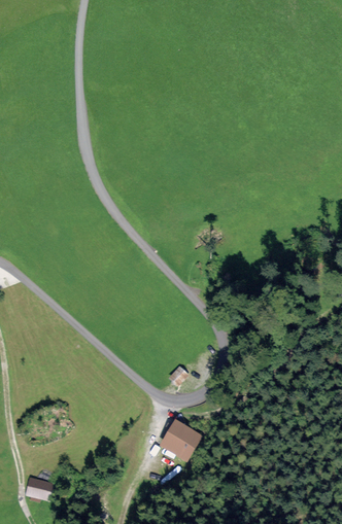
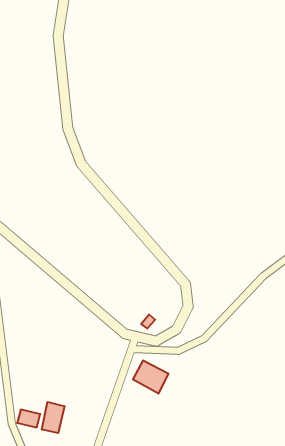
building: none -> [42,402,64,433]

